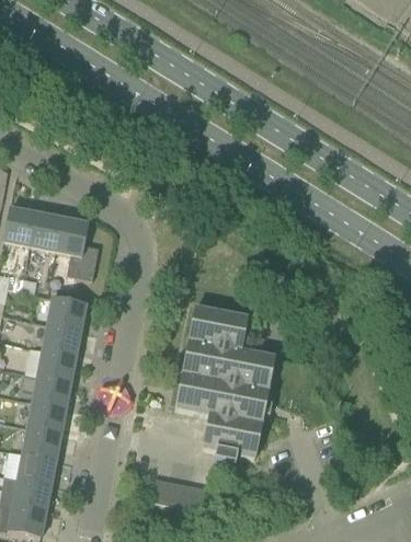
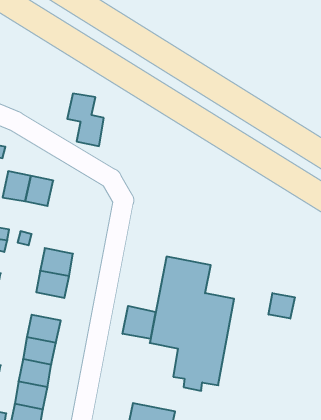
building: [56,218,99,279] -> [67,94,104,146]
building: [37,348,76,381] -> none
building: none -> [269,293,295,319]
building: none -> [123,306,156,339]

